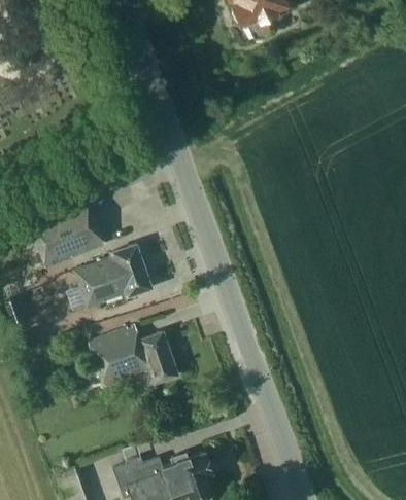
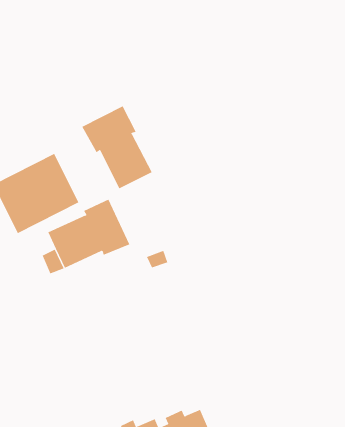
building: none -> [81,105,152,189]
building: [90,325,179,384] -> none

